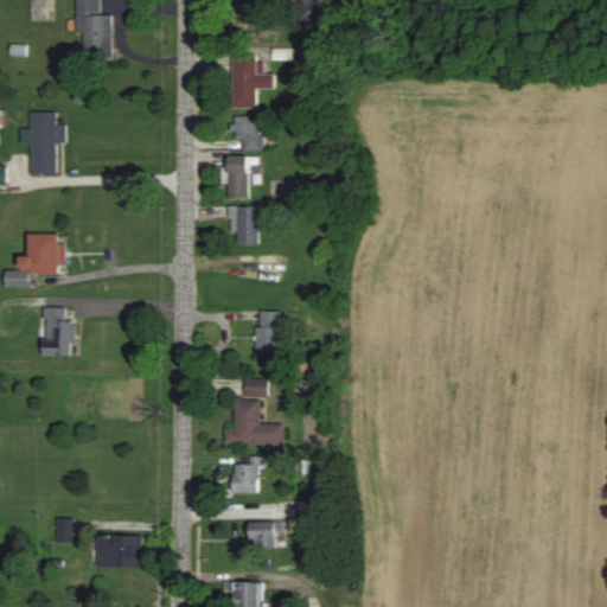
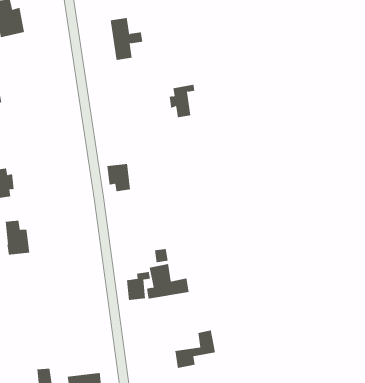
building: [232,116,263,149] -> none
building: [219,155,257,198] -> [169,84,195,118]
building: [226,205,257,243] -> [107,163,131,192]
building: [254,311,277,352] -> none
building: [234,456,269,493] -> [126,271,151,300]

